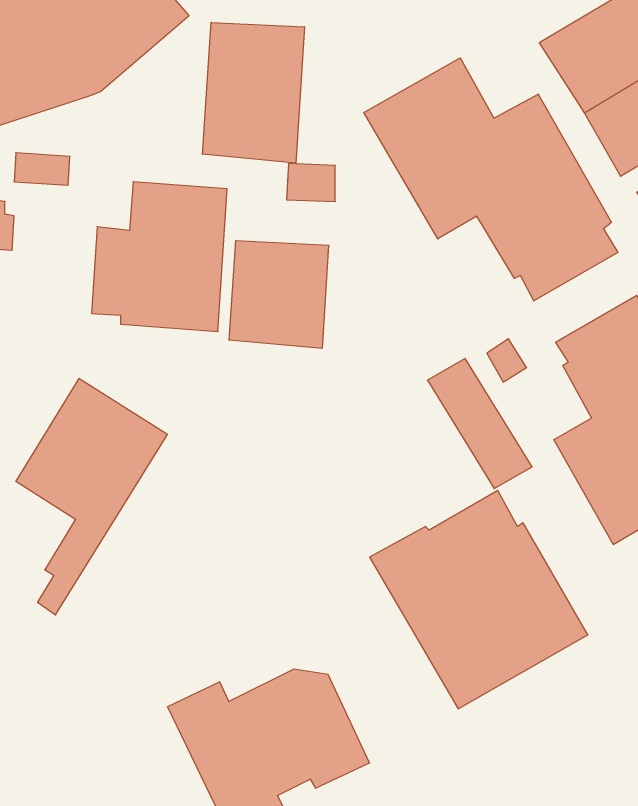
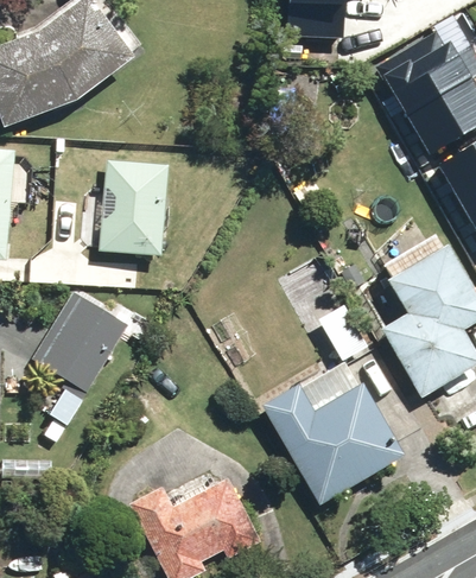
building: [202,22,304,163] -> none
building: [364,58,618,301] -> none
building: [229,241,329,348] -> none

